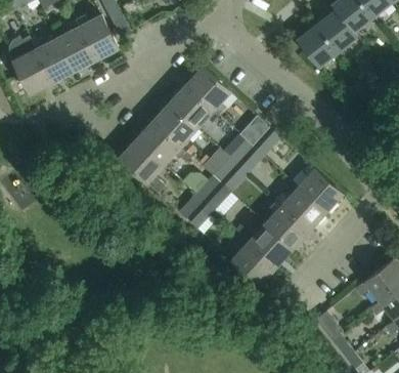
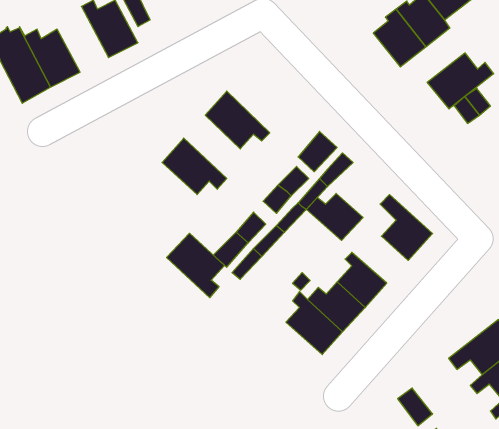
building: [56,20,95,71] -> none
building: none -> [427,53,494,109]
building: [185,67,229,117] -> none
building: [152,103,195,152] -> none
building: [119,139,163,189] -> [167,233,224,298]
building: [280,196,323,232] -> [307,193,363,240]

